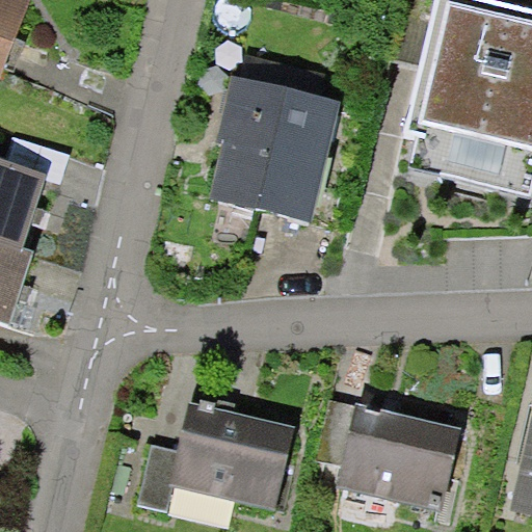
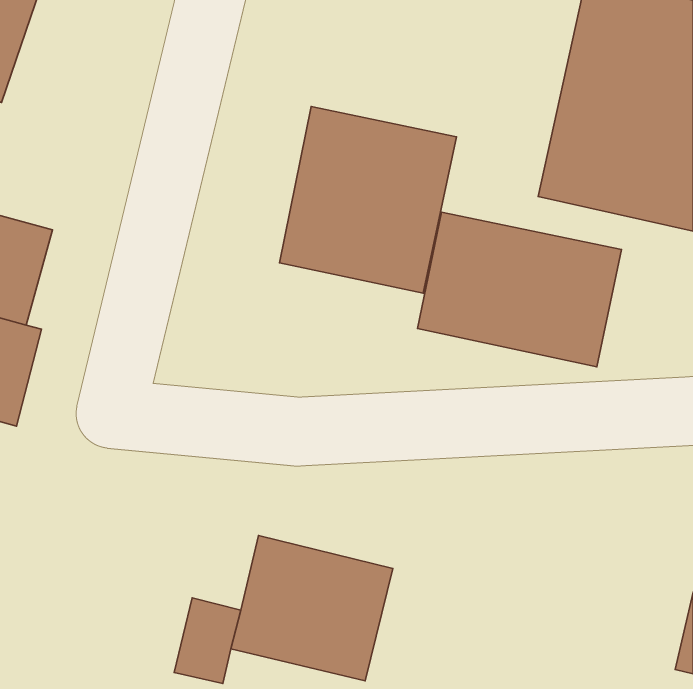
building: none -> [418,212,622,367]
building: [343,396,464,505] -> none

